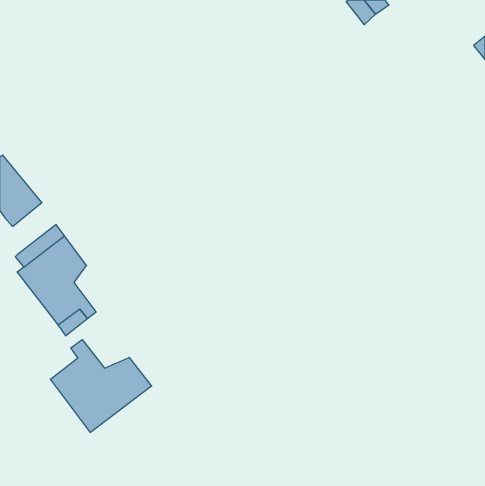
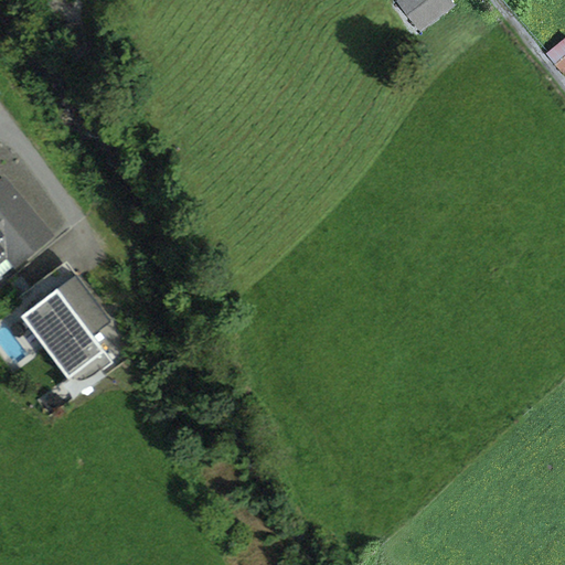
building: [50,340,152,433] -> none

